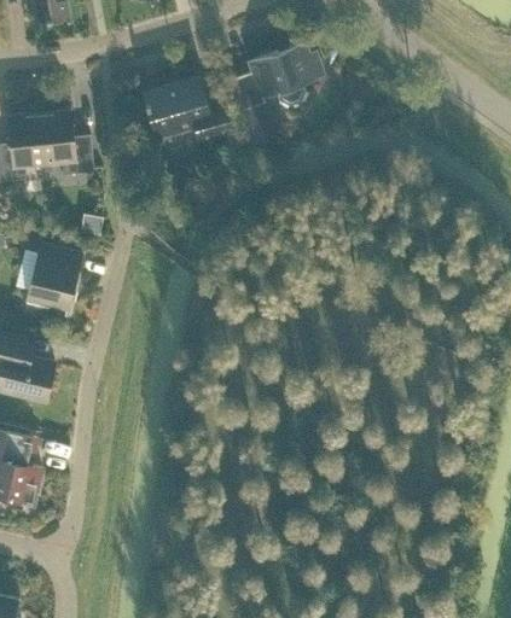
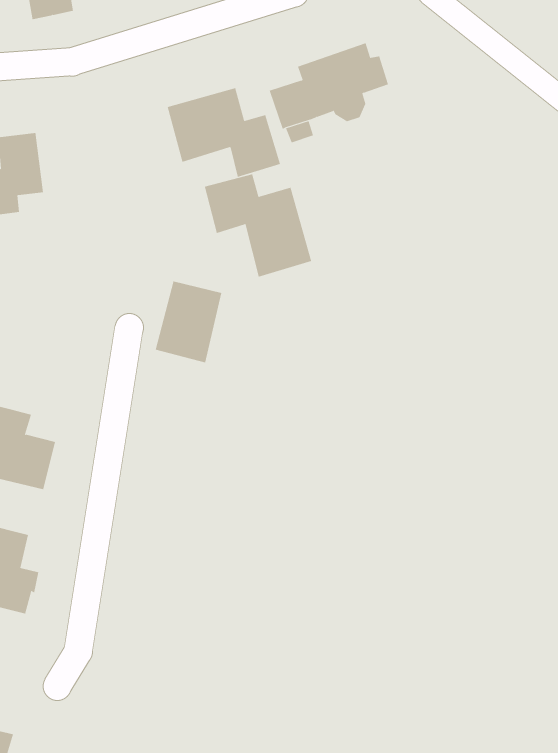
building: [37,113,92,176] -> none
building: none -> [204,174,312,277]
building: [25,245,80,311] -> [155,281,222,363]

